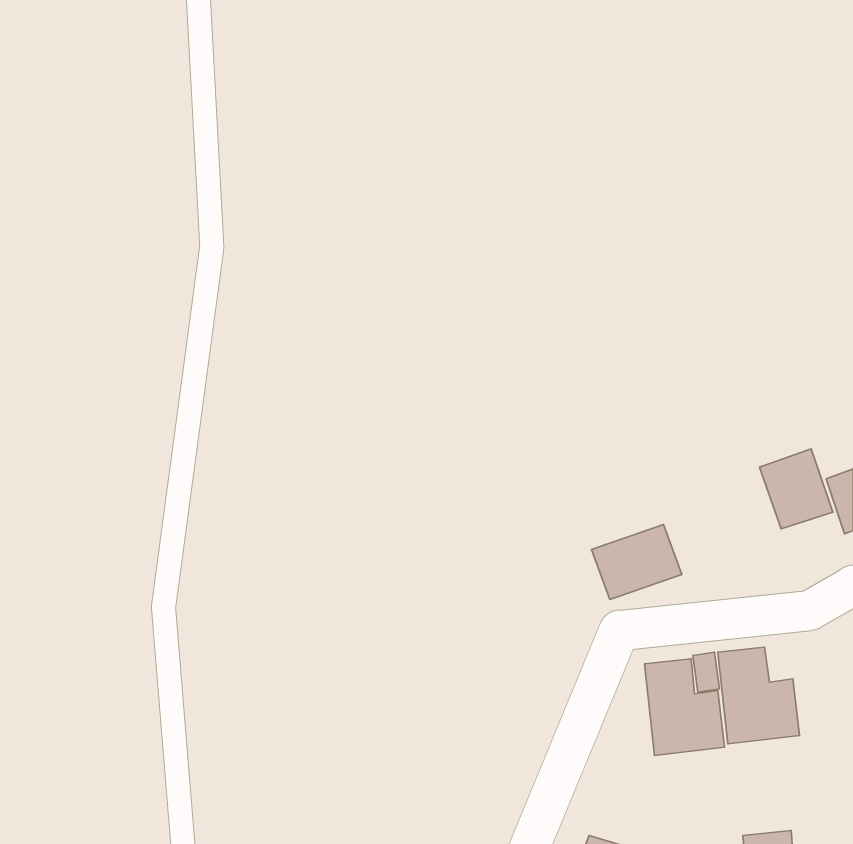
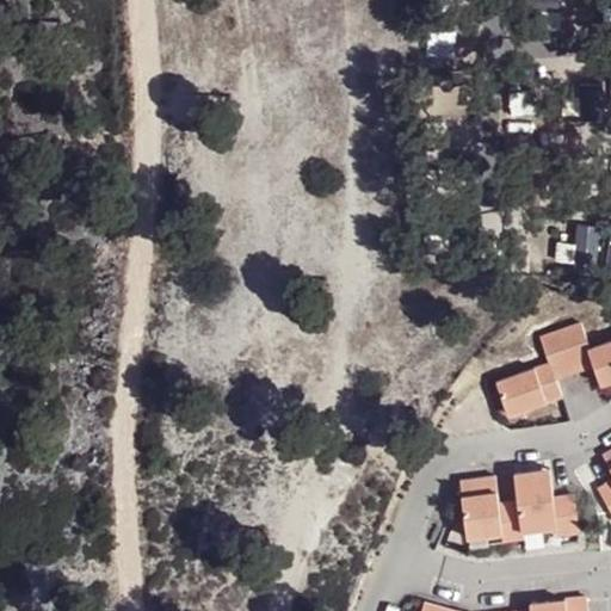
building: [592,525,682,600] -> [495,364,560,418]

